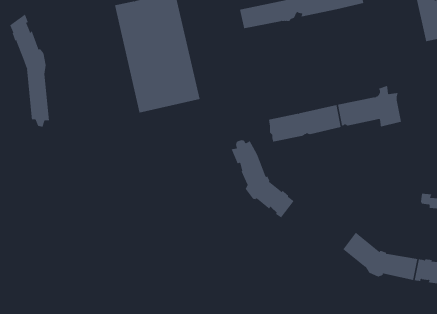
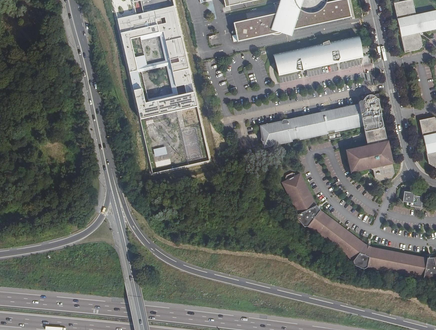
building: [9,14,50,128] -> none
building: none -> [272,36,358,73]
building: none -> [347,126,395,179]
building: [231,140,294,218] -> [282,171,341,244]

